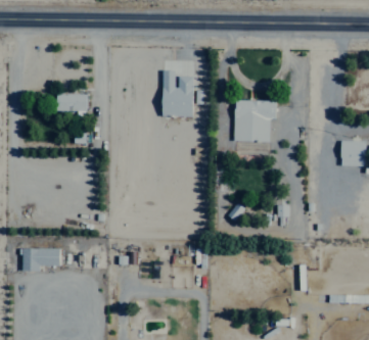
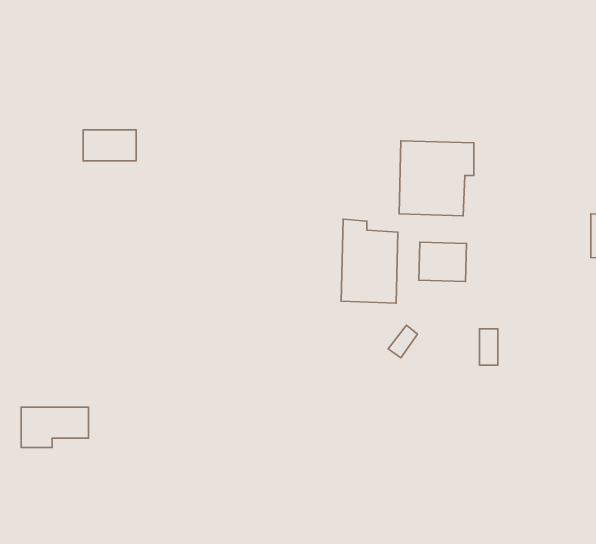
building: [163,69,194,116] -> [341,219,398,303]
building: none -> [419,242,466,281]

